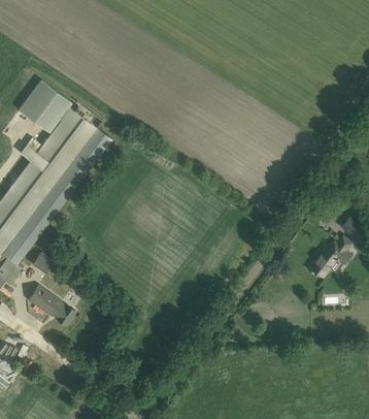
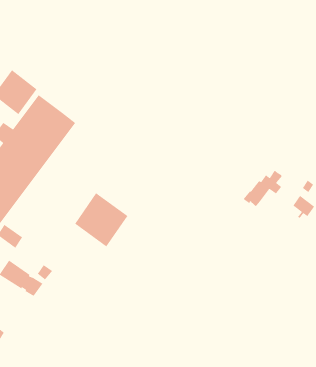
building: none -> [74,192,128,247]
building: [309,236,353,277] -> [243,170,283,207]

